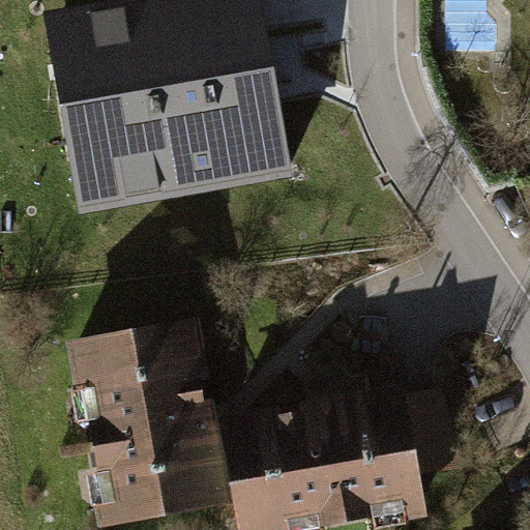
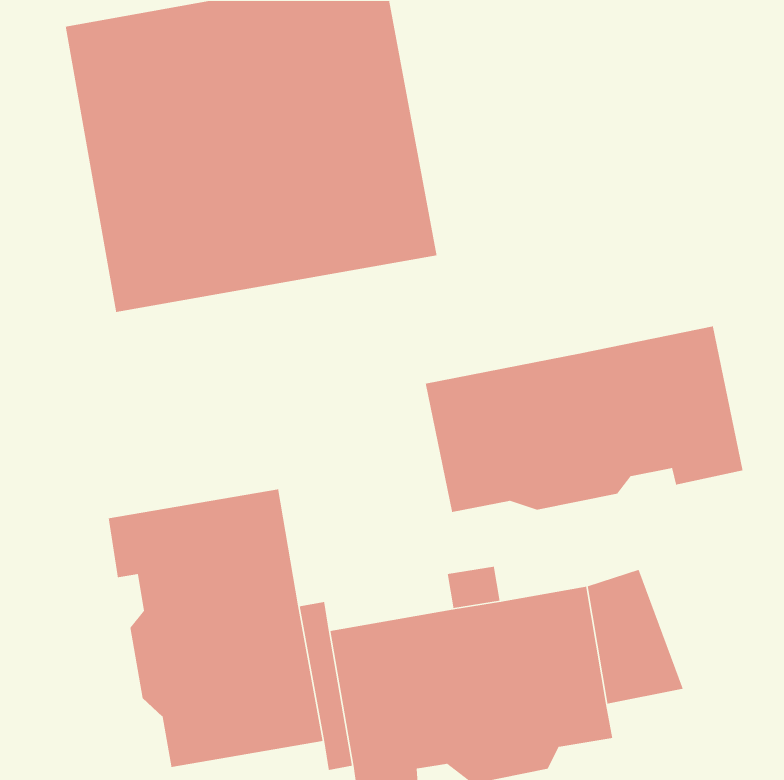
building: none -> [425,325,744,513]

